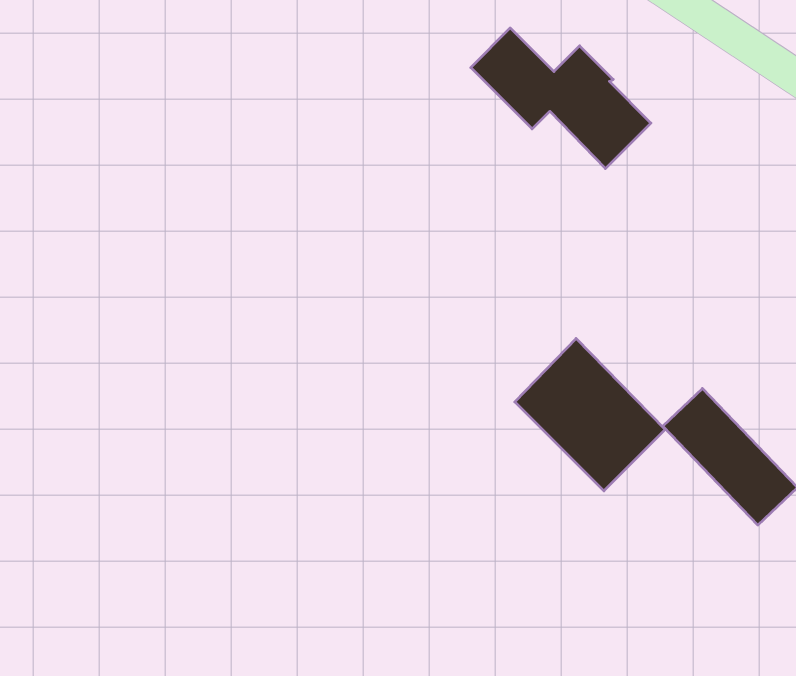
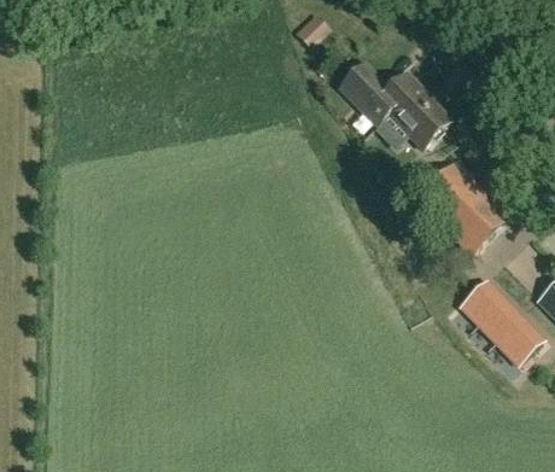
building: [515,338,665,491] -> [419,161,510,254]

